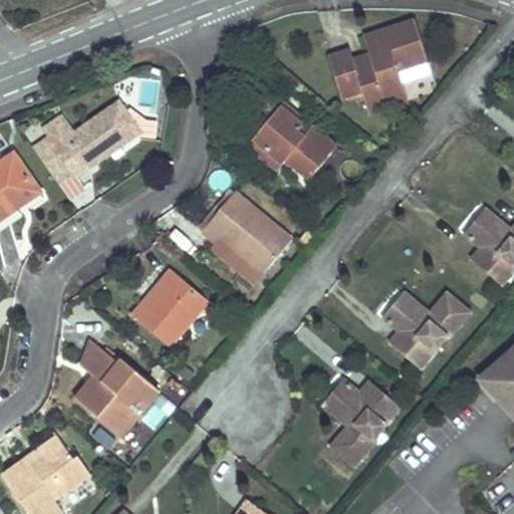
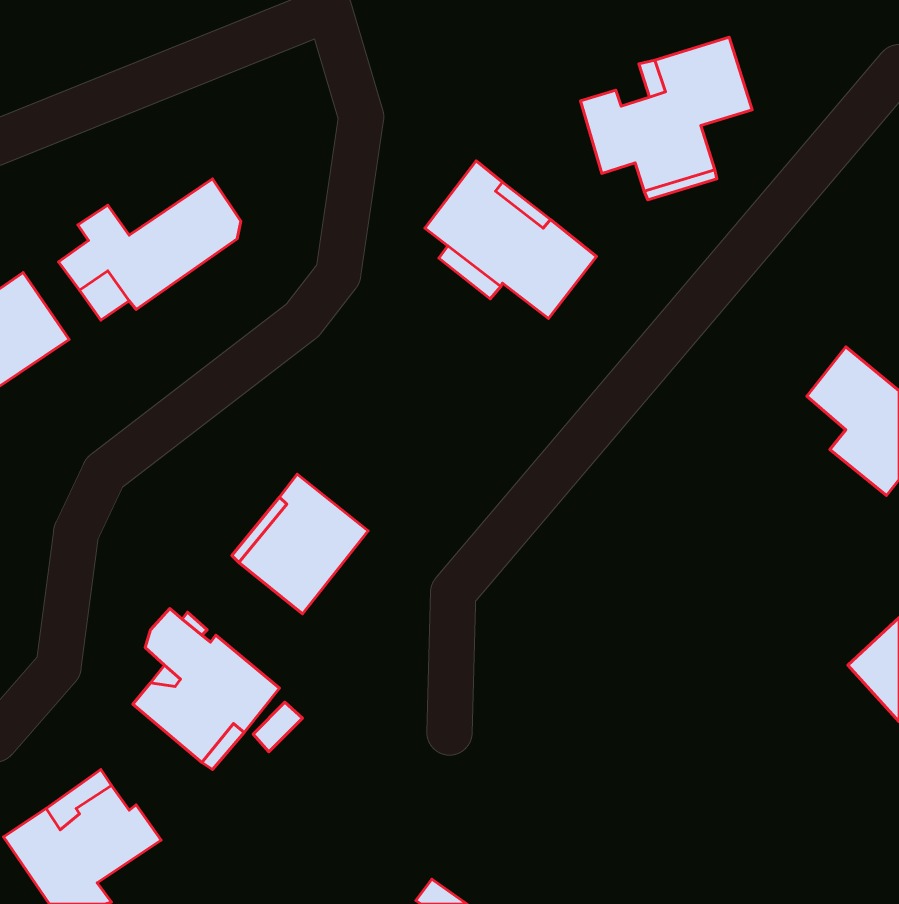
building: [203,193,291,273] -> none
building: [376,281,472,365] -> none
building: [315,368,403,464] -> none

